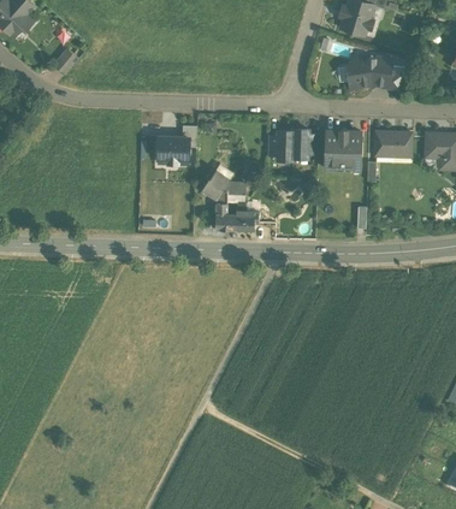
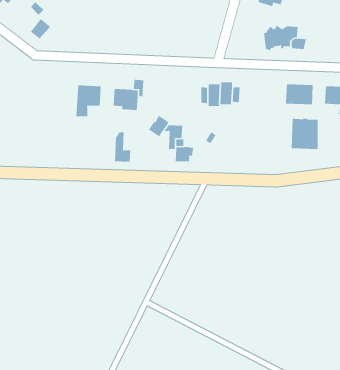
building: [325,130,360,170] -> [291,118,318,150]
building: none -> [76,85,101,117]
building: [214,191,236,230] -> [114,132,131,162]

